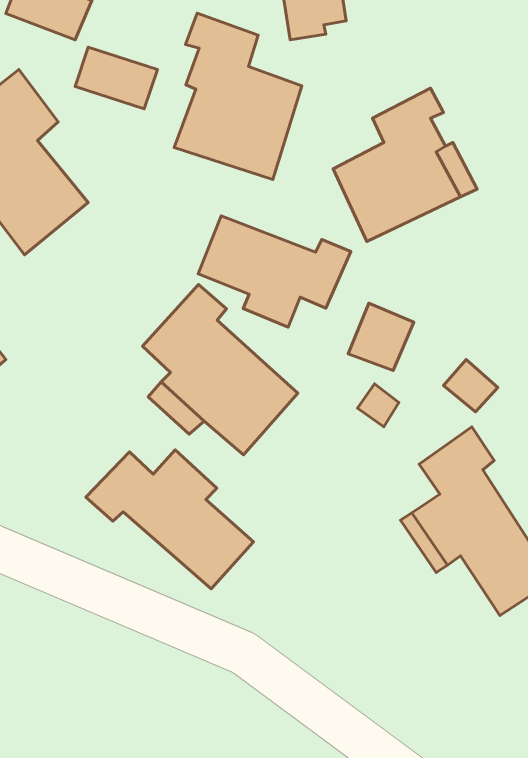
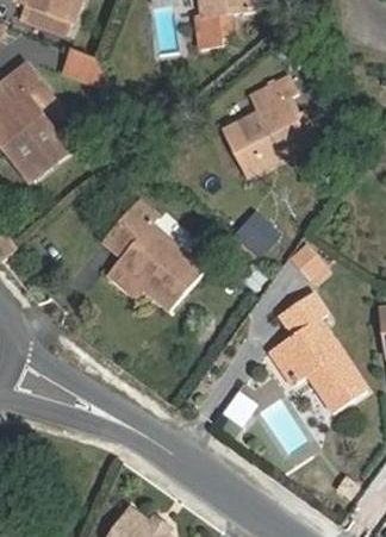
building: [174,13,302,180] -> none
building: [198,216,351,327] -> none
building: [86,450,253,589] -> none

